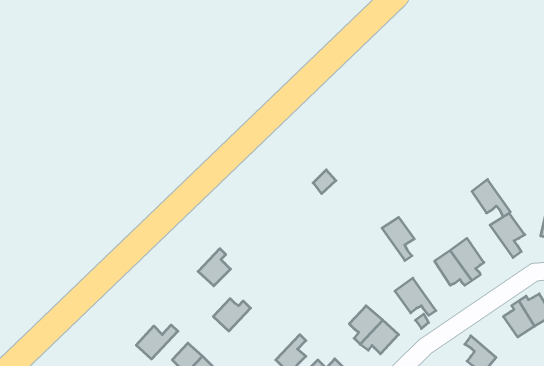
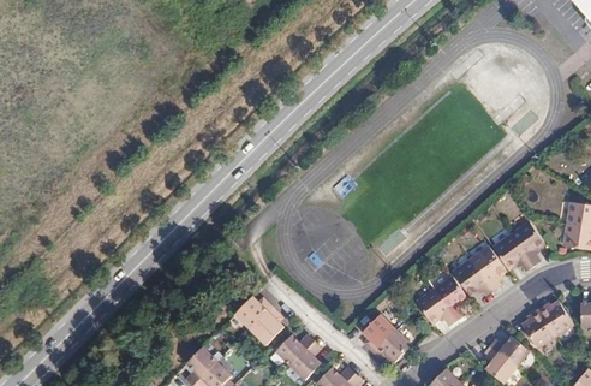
building: [472,179,510,217] -> [492,231,531,268]
building: [382,217,414,261] -> [431,273,464,316]
building: [198,249,231,286] -> [247,314,280,351]
building: [136,325,178,359] -> none
building: none -> [279,331,320,366]
building: none -> [489,333,527,363]

